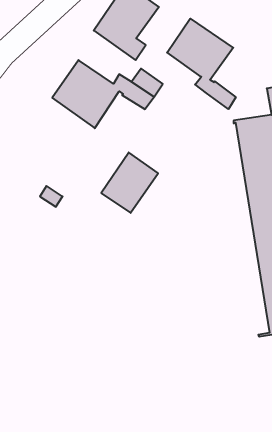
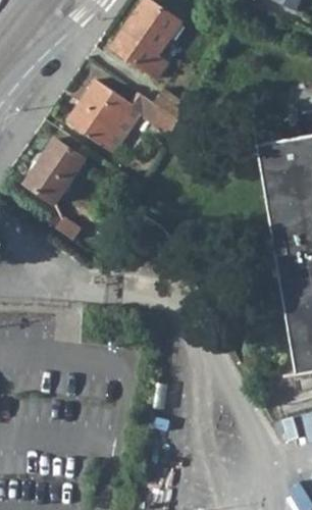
building: [167,19,236,109] -> none
building: [101,152,158,213] -> [21,138,83,203]

